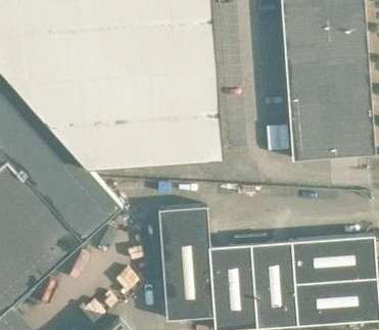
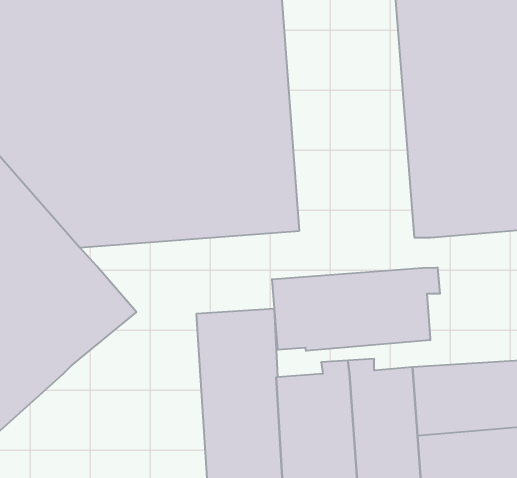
building: none -> [272,267,440,351]

